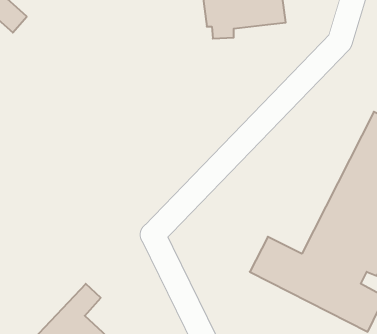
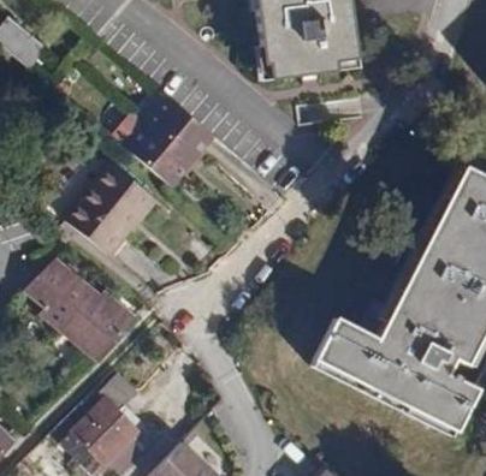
building: none -> [128,100,214,189]
building: none -> [66,160,156,255]
building: none -> [30,261,132,358]

